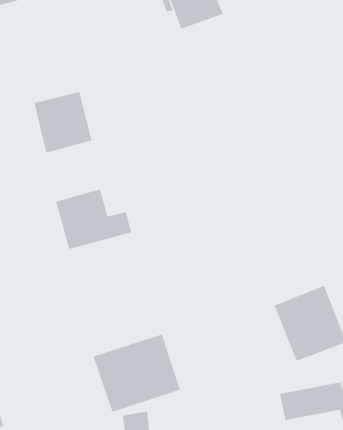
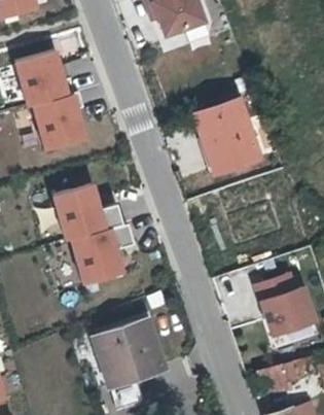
building: none -> [13,49,67,105]
building: none -> [191,97,257,175]
building: none -> [70,221,133,282]

